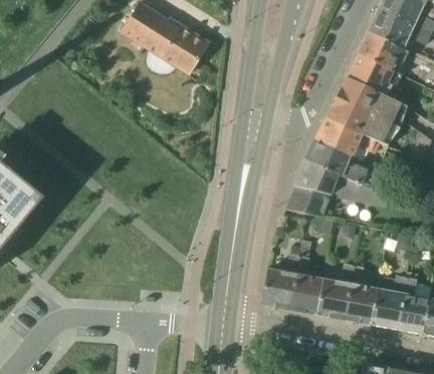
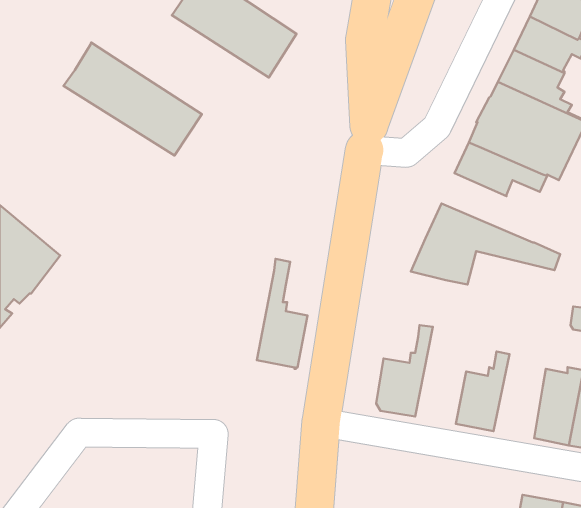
building: none -> [63,43,202,155]
building: [307,140,381,189] -> none
building: [289,239,324,315] -> [257,259,307,369]
building: [344,266,378,324] -> none

